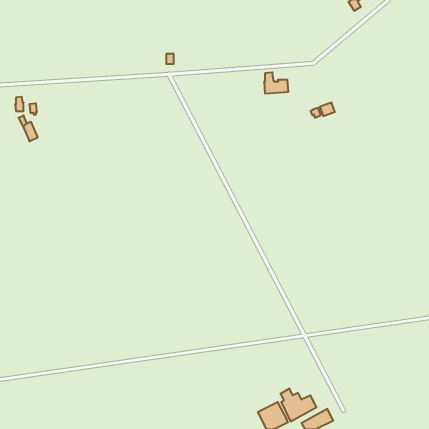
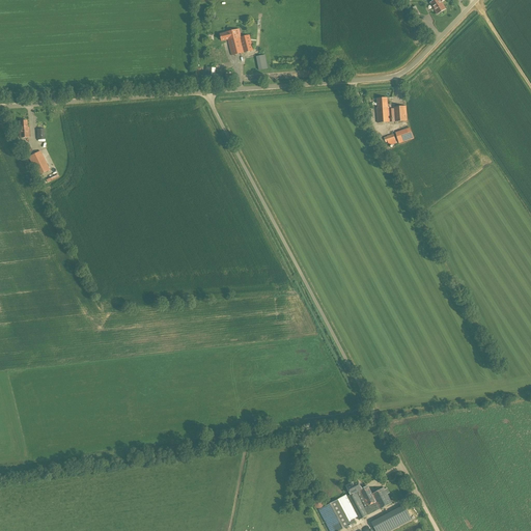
building: none -> [220,28,253,55]
building: [264,72,288,93] -> [376,96,407,122]

